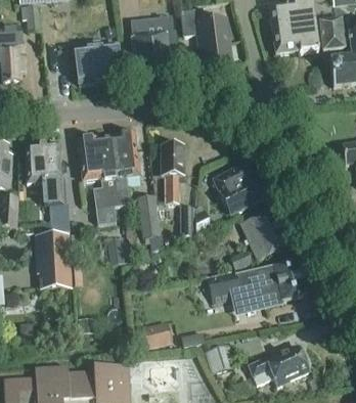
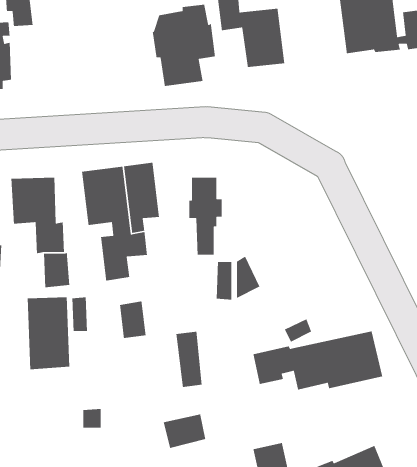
building: [75,38,120,84] -> none
building: [212,162,266,214] -> none
building: [137,194,158,237] -> [175,331,203,388]
building: [240,209,288,259] -> none

